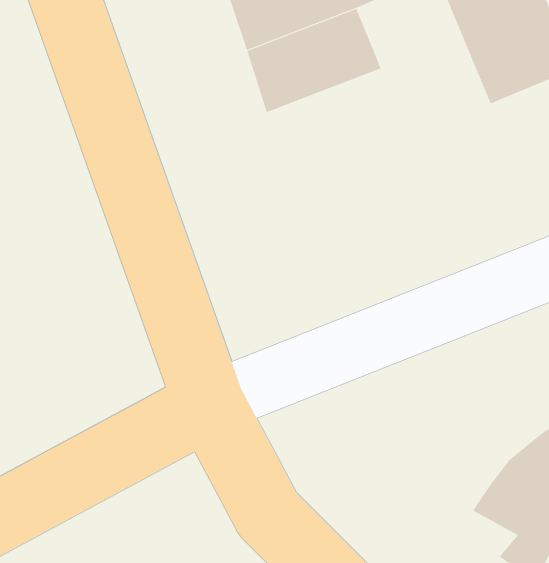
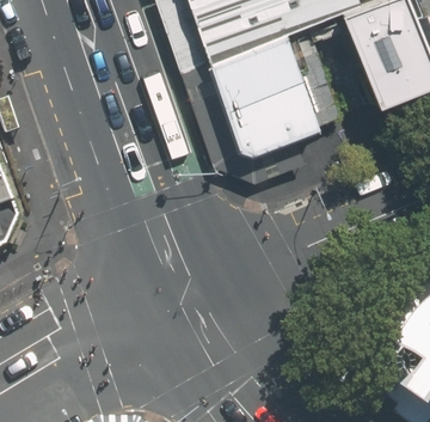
building: none -> [222,69,318,141]

